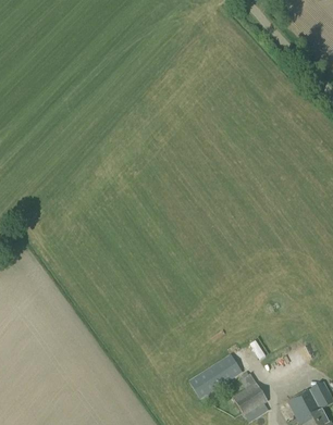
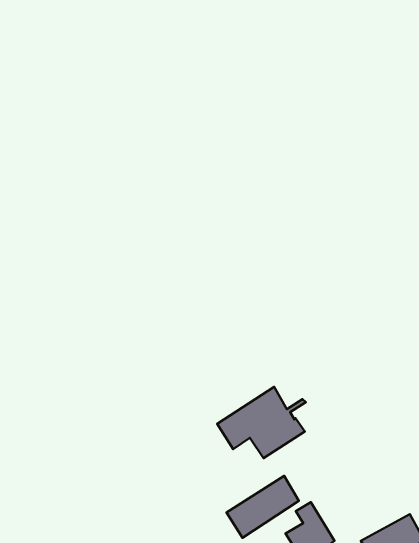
building: none -> [217,387,306,458]

